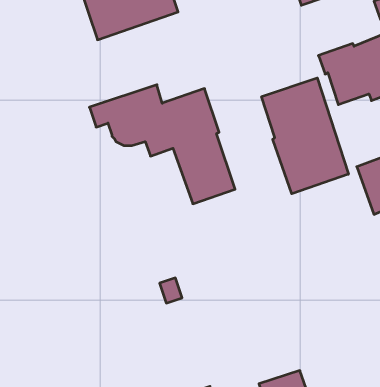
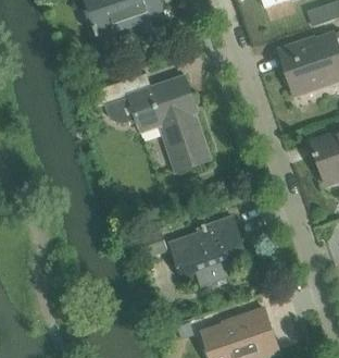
building: [262,78,348,194] -> none
building: none -> [171,217,246,288]

